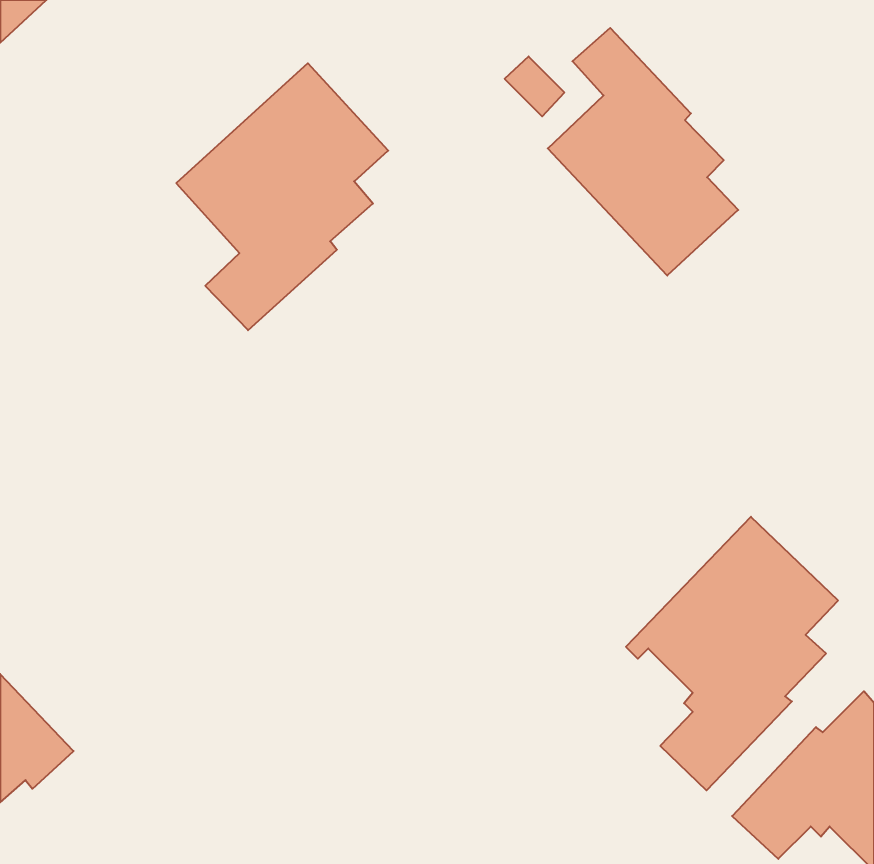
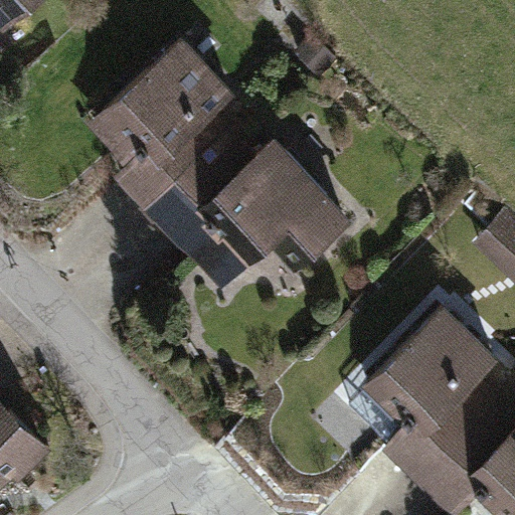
building: [548,28,738,276] -> none
building: none -> [161,142,345,284]

